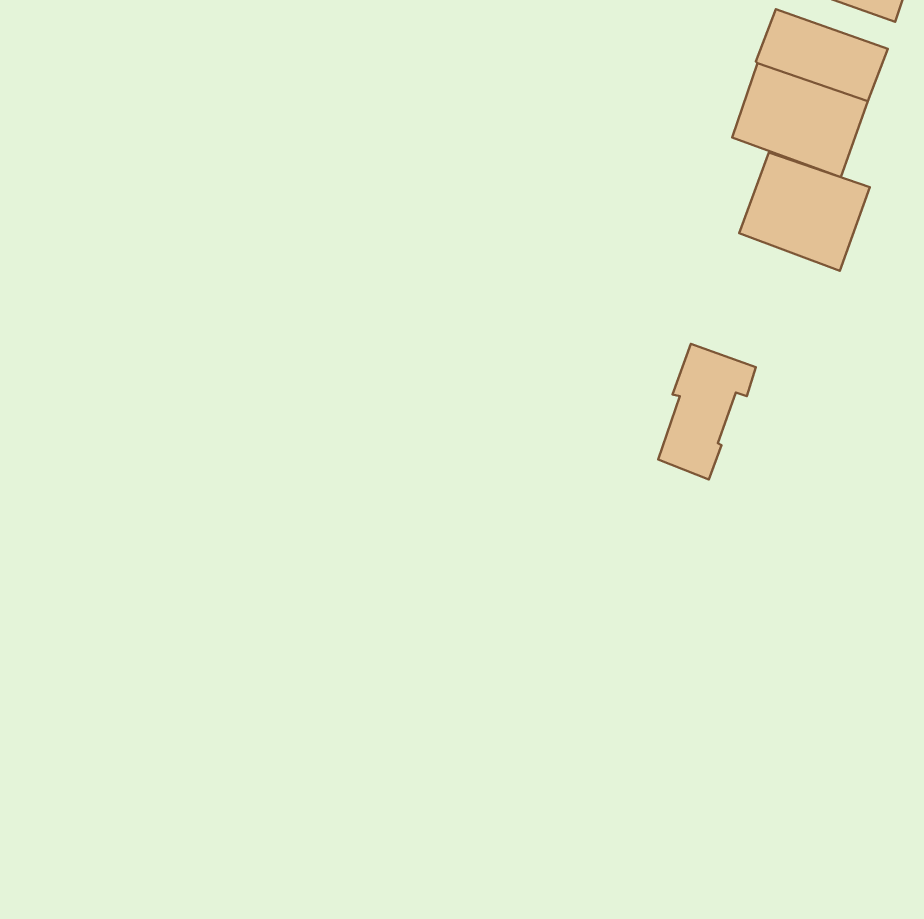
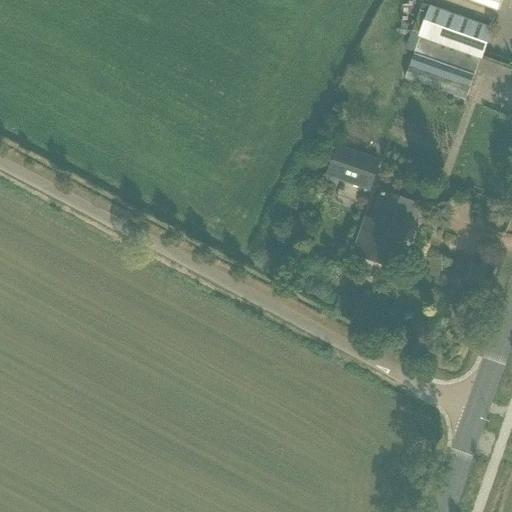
building: [739,152,870,271] -> none
building: none -> [326,145,379,188]

